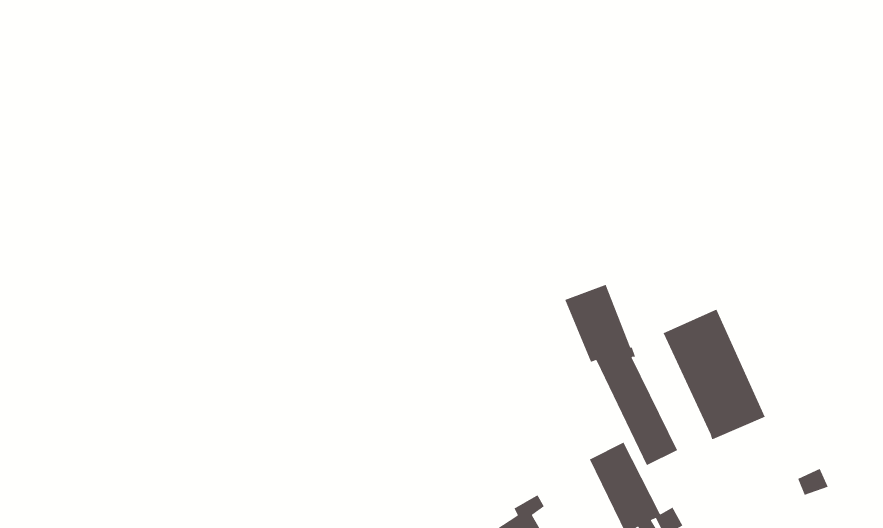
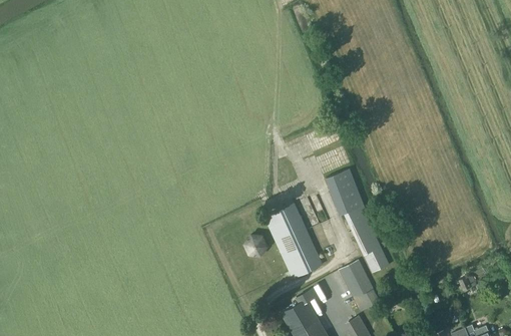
building: [663,308,766,440] -> [265,204,324,279]

